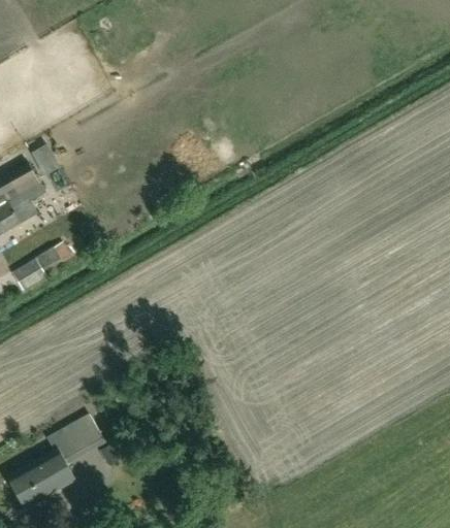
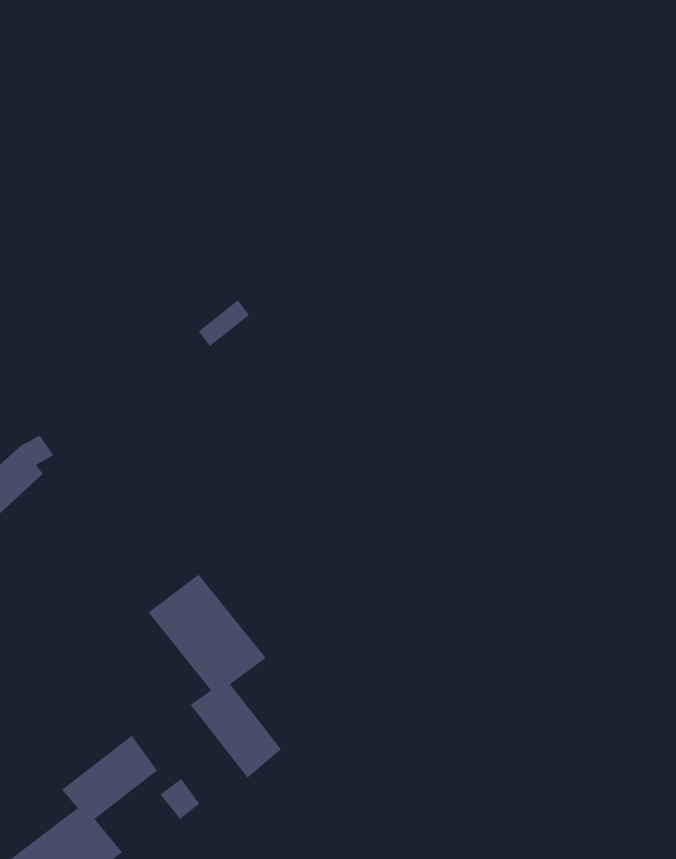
building: none -> [148,574,282,778]

